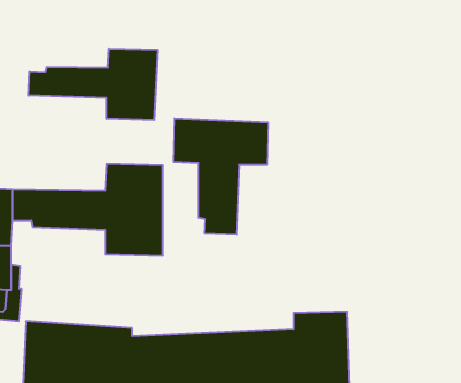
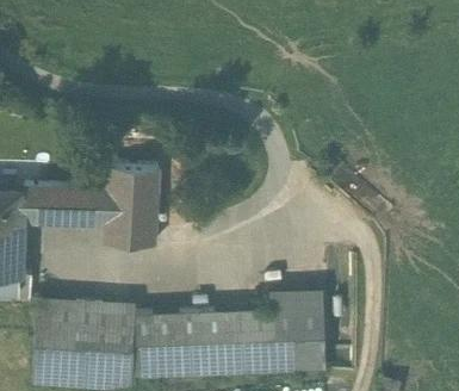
building: [28,49,158,120] -> none
building: [173,118,268,235] -> none

